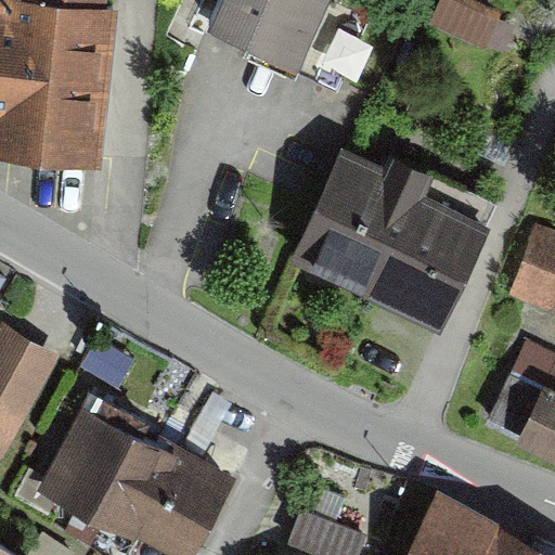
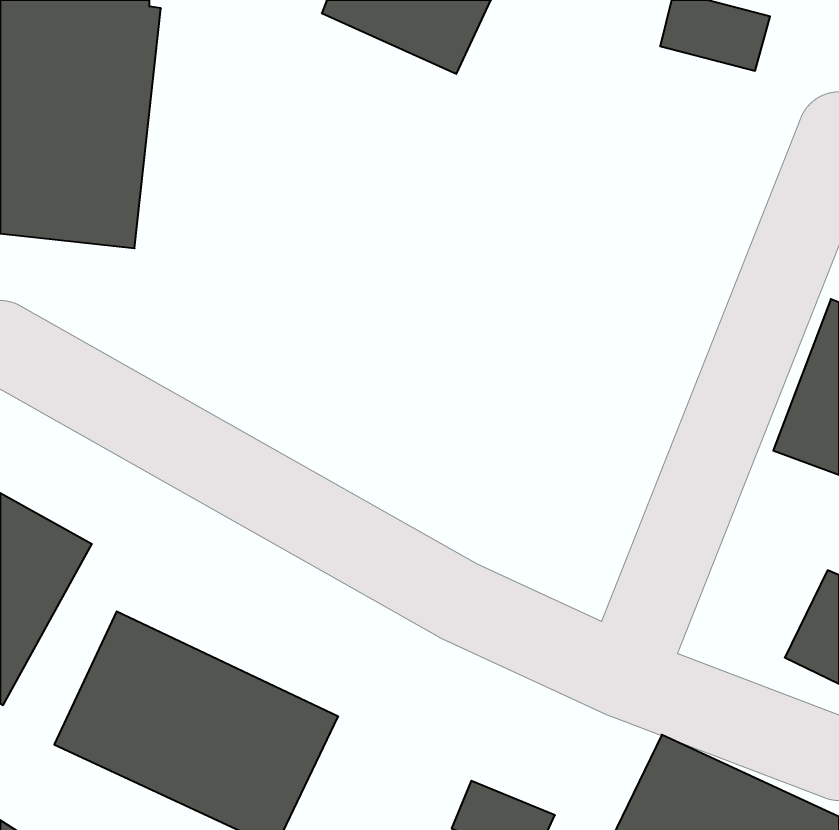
building: [292,146,501,330] -> none

